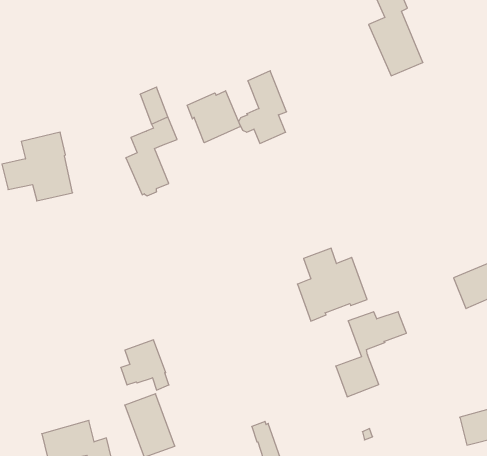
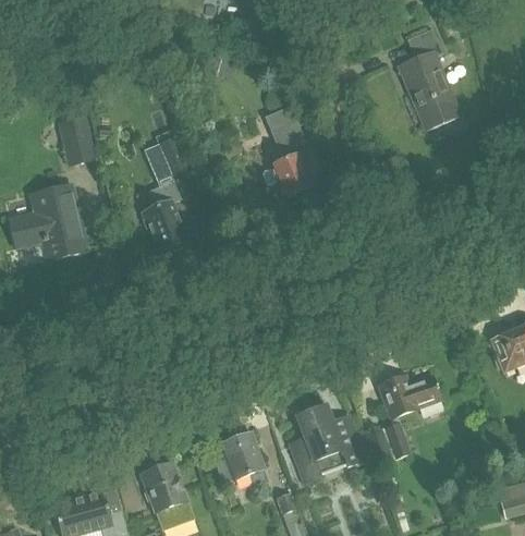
building: none -> [57,117,95,166]
building: [187,91,240,143] -> none
building: [297,248,367,321] -> [289,404,363,482]
building: [121,340,169,390] -> [215,433,266,486]

